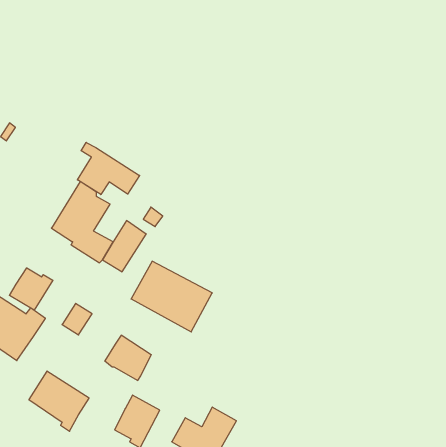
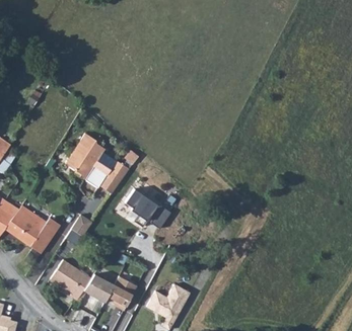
building: [77,142,140,195] -> none
building: [9,268,53,310] -> none
building: [105,335,151,380] -> [82,271,114,302]

